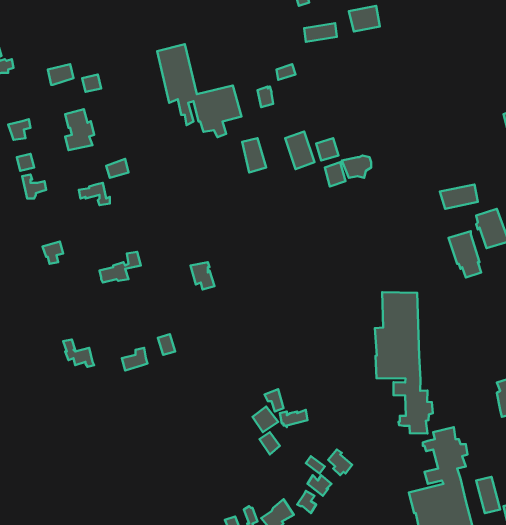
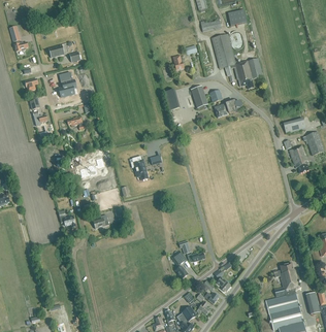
building: [157,44,241,137] -> [213,33,263,89]
building: [375,292,433,433] -> none

